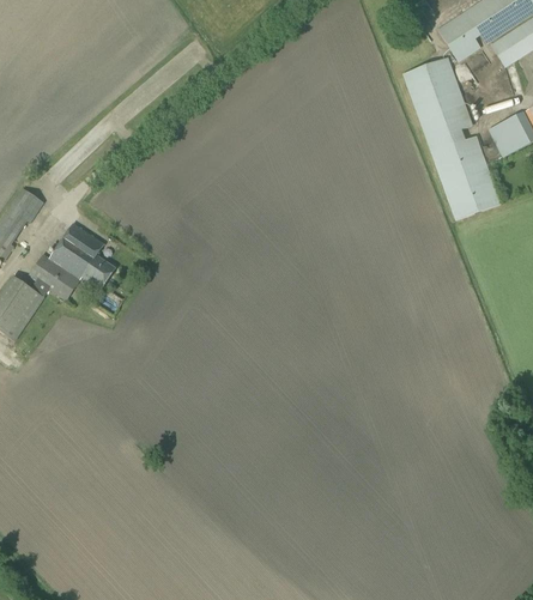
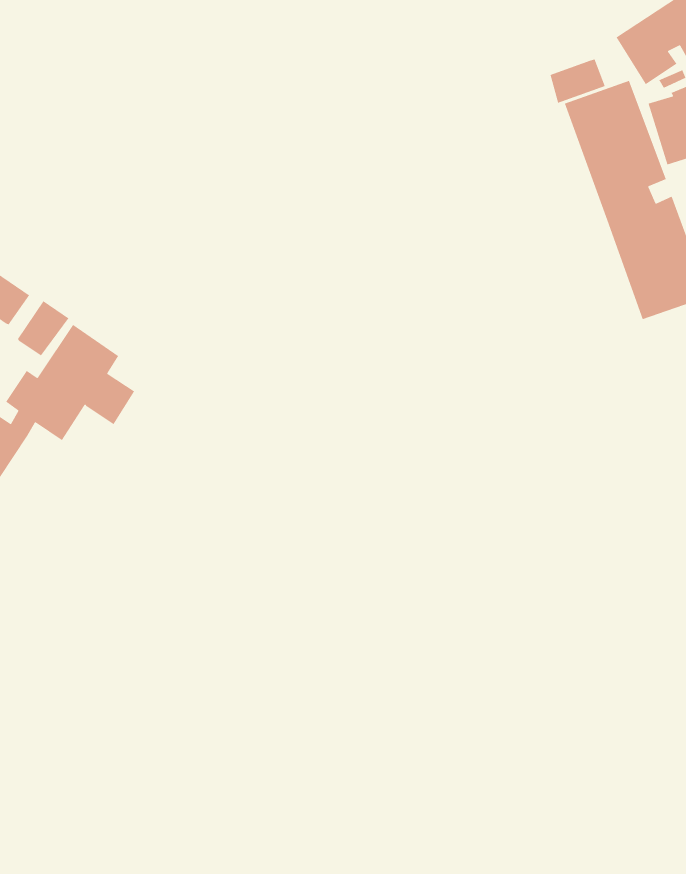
building: none -> [549,58,606,104]
building: none -> [17,300,69,357]

